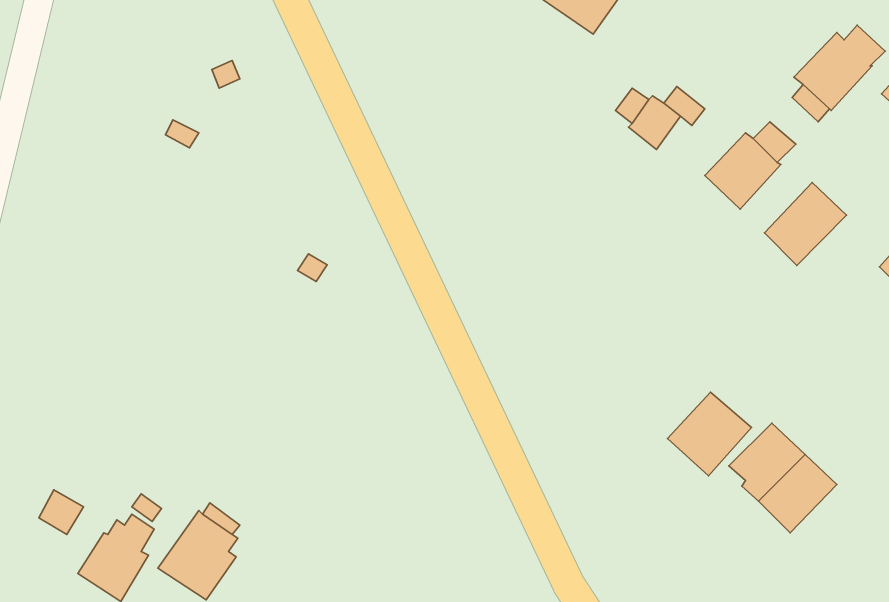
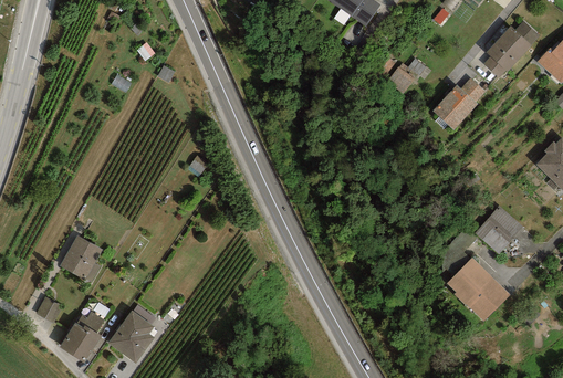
building: [764,183,846,265] -> none
building: none -> [59,234,102,280]
building: [668,392,751,476] -> [473,204,523,254]

